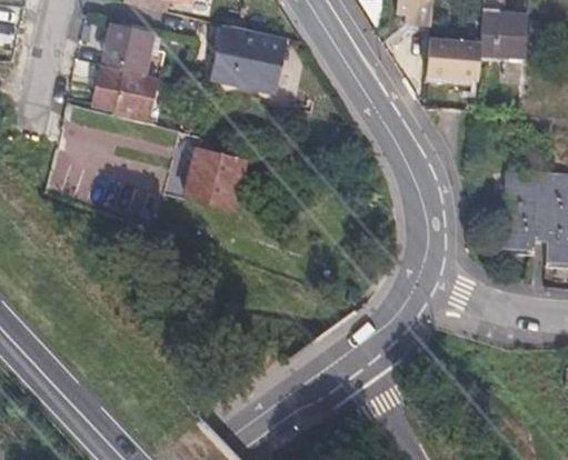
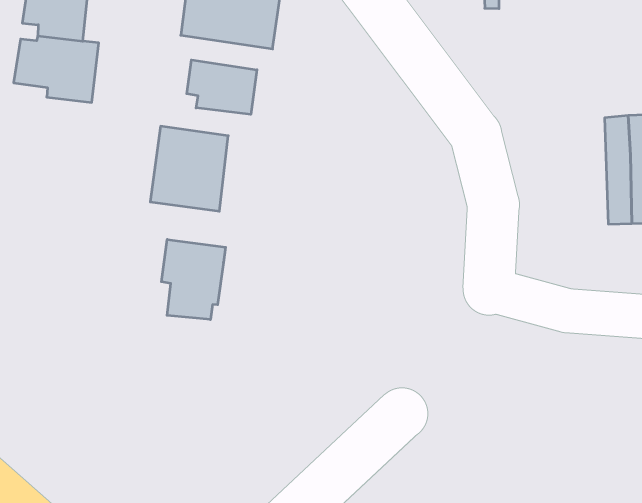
building: none -> [187,60,257,114]
building: none -> [161,239,226,320]

